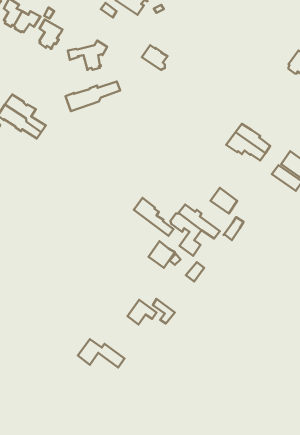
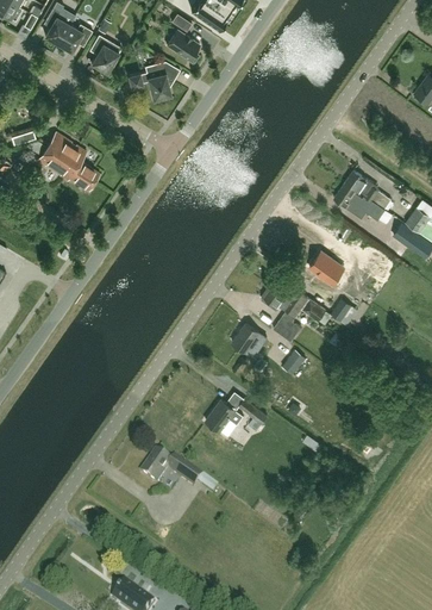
building: [142,45,168,70] -> [165,30,199,62]
building: [66,82,120,111] -> none
building: [134,198,173,236] -> none

